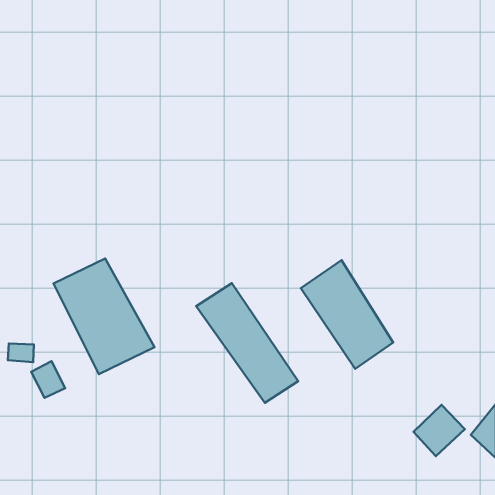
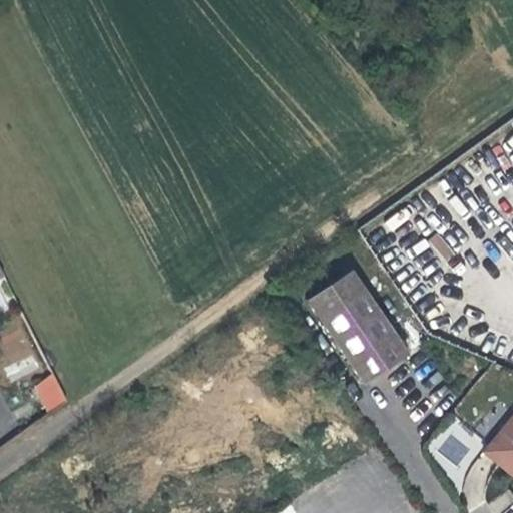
building: [54,258,154,374] -> none
building: [196,283,298,403] -> none

